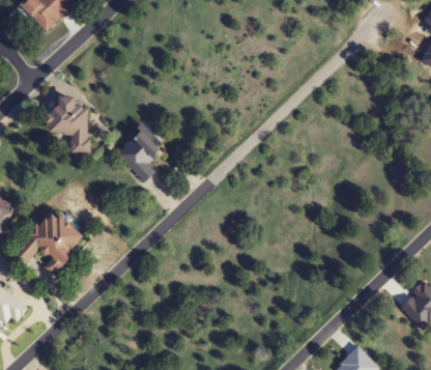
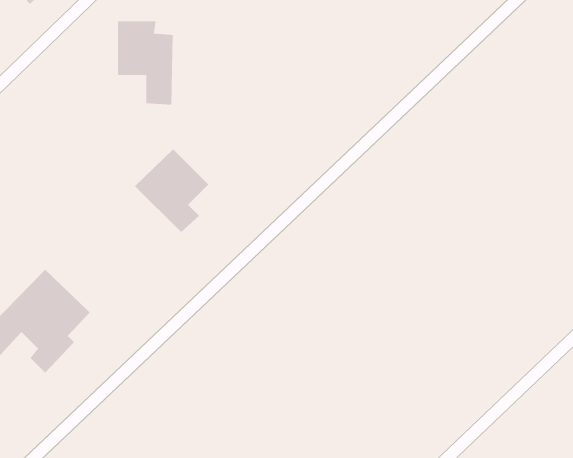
building: [51,96,88,152] -> [117,21,174,105]

